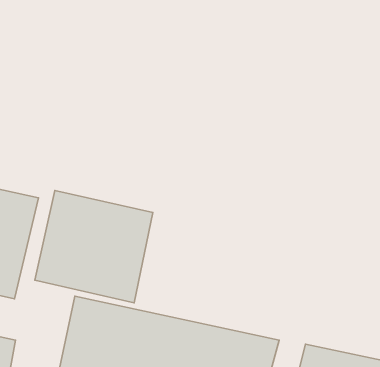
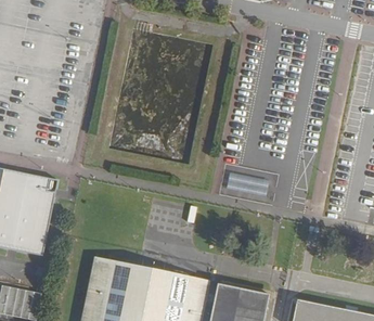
building: [35,190,153,303] -> none

